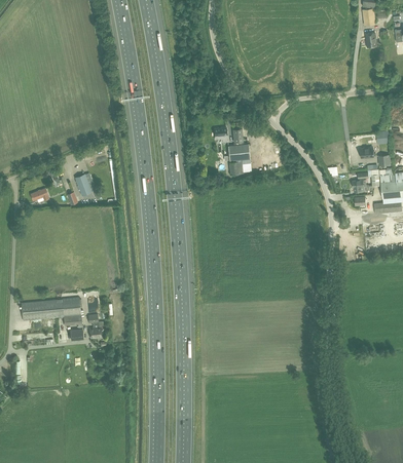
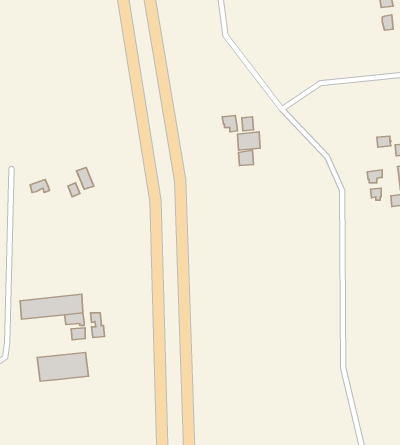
building: none -> [37,352,89,381]

